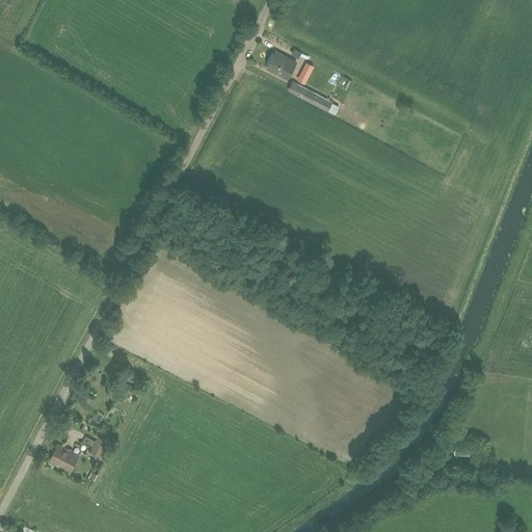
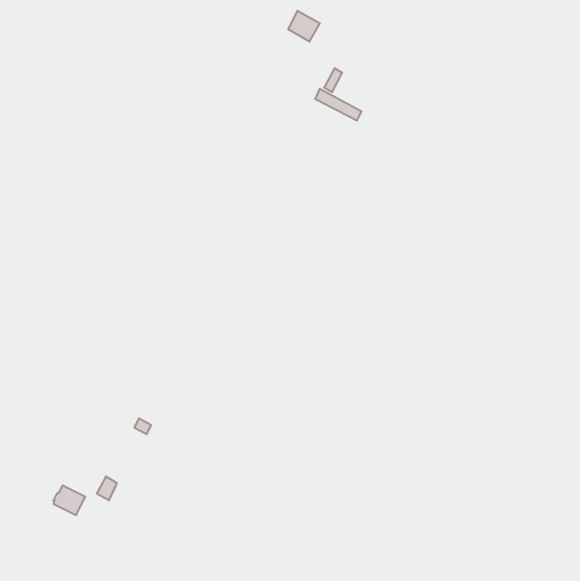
building: [266,51,295,79] -> [288,11,320,42]

